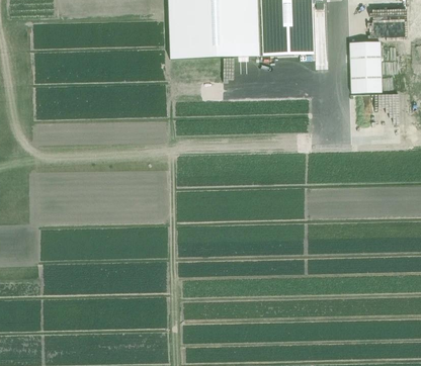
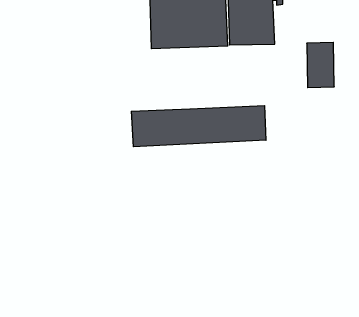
building: none -> [131,106,266,147]

